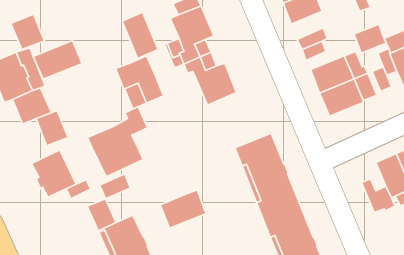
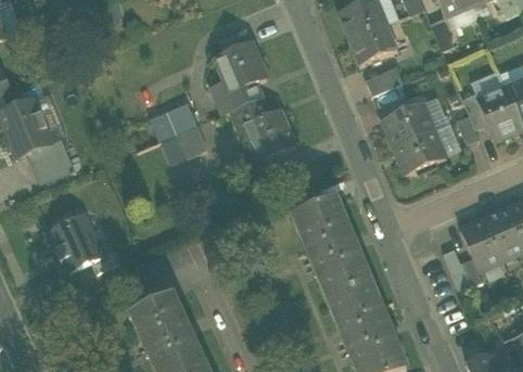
building: [122,12,158,59] -> none
building: [11,14,44,50] -> none
building: [354,24,386,53] -> none
building: [33,41,82,79] -> none
building: [87,107,148,177] -> none
building: [36,111,68,146] -> none
building: [99,174,131,199] -> none
building: [160,190,206,228] -> none

